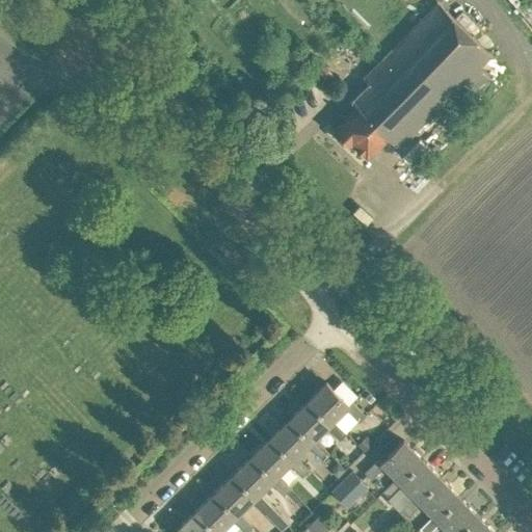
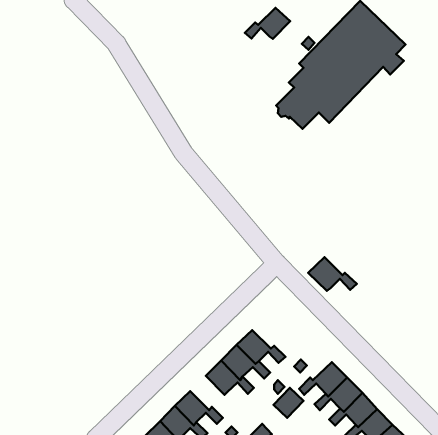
building: none -> [245,8,290,39]
building: [305,385,365,426] -> [308,257,357,291]
building: [231,459,289,501] -> none

